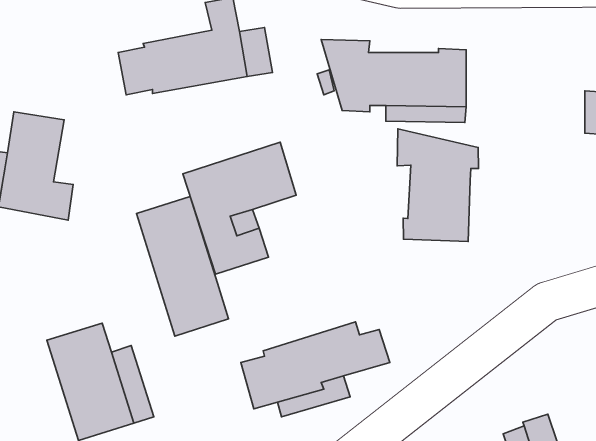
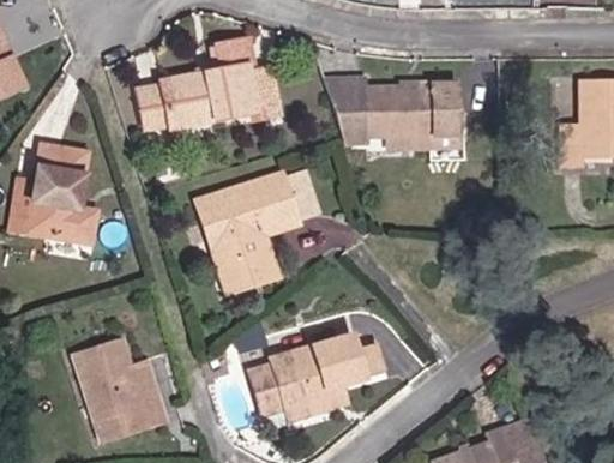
building: [397,129,478,242] -> none
building: [137,196,228,336] -> none

